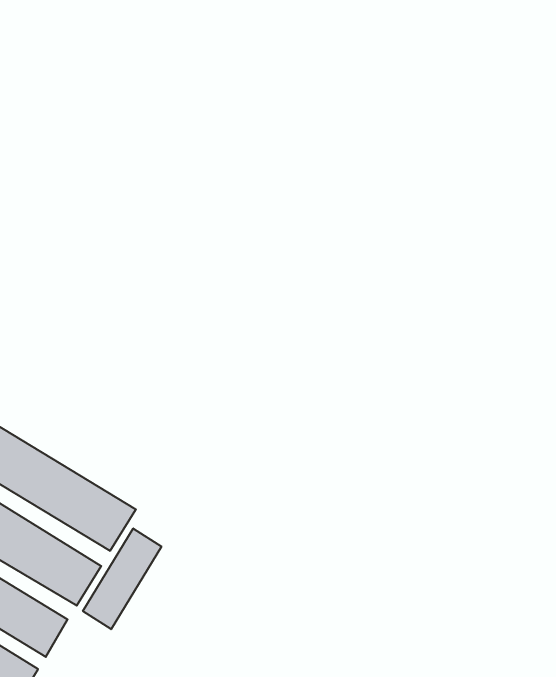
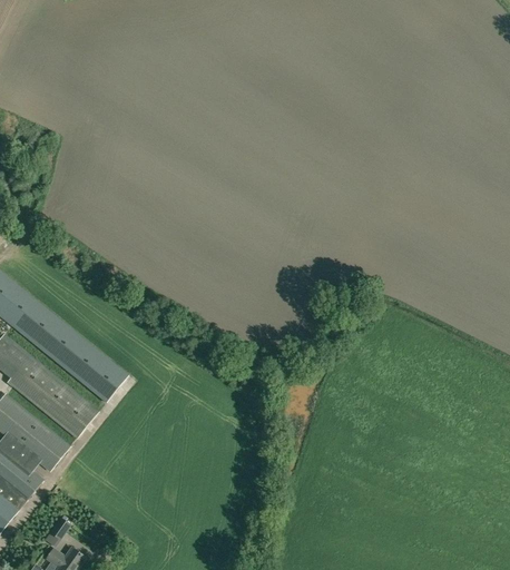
building: [83,528,161,629] -> none

